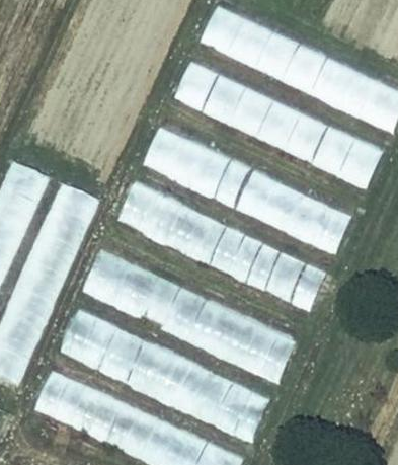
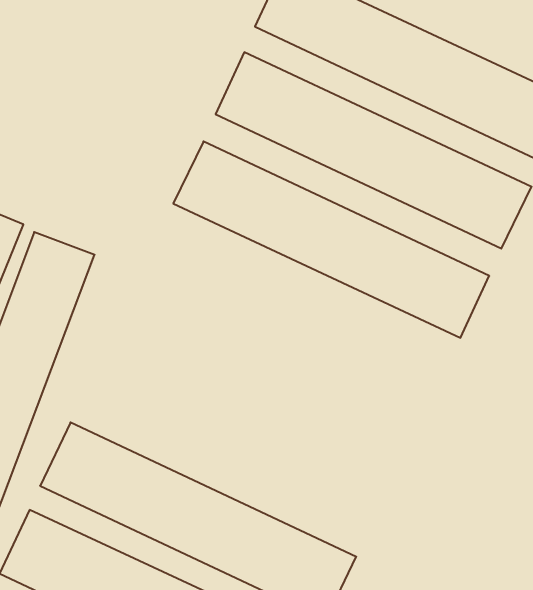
building: [117,180,329,312] -> none
building: [84,249,296,381] -> none

